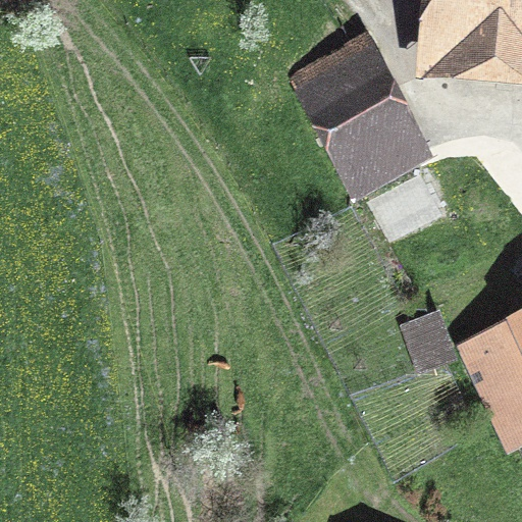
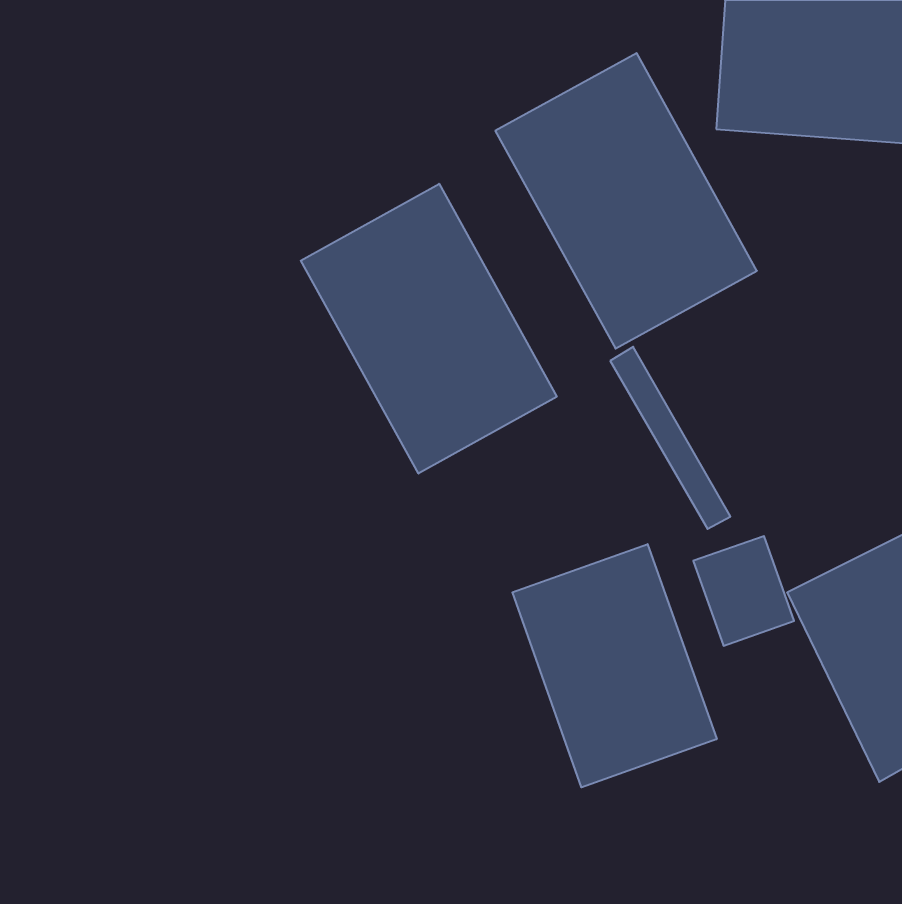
building: none -> [301,184,557,474]
building: none -> [512,544,717,787]

